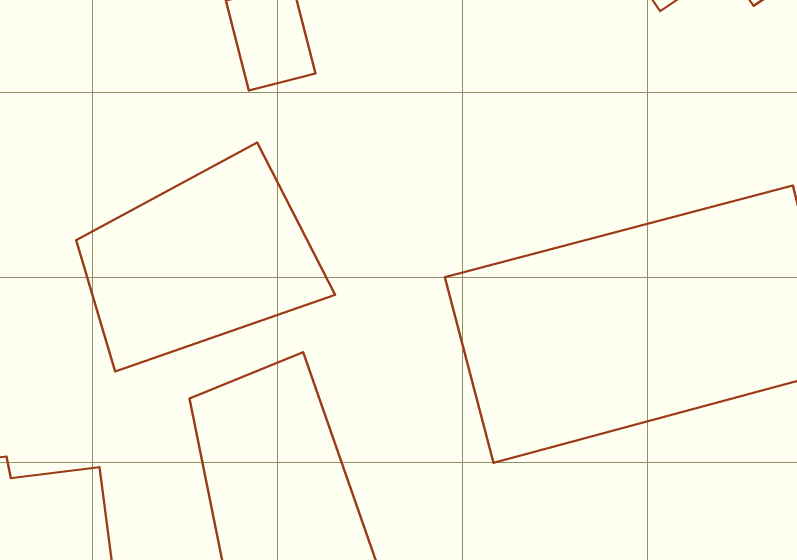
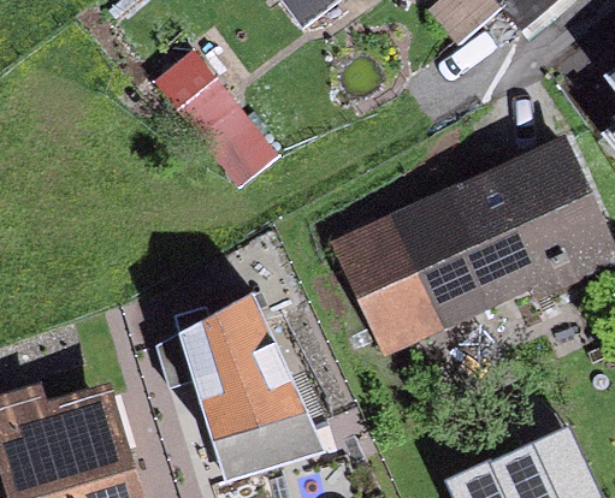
building: [76,143,335,372] -> none

